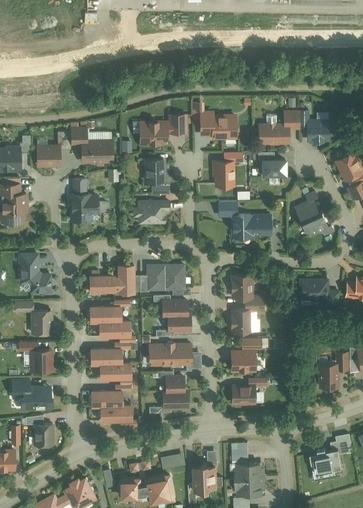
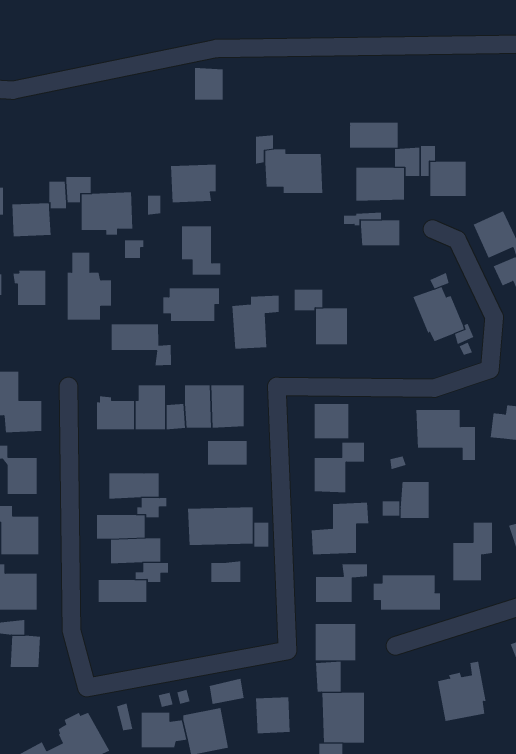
building: none -> [350,122,398,148]
building: [167,113,186,134] -> [194,68,224,100]
building: [211,152,242,187] -> [232,295,279,349]
building: none -> [13,270,46,306]
building: [252,214,271,237] -> none
building: none -> [111,324,172,366]
building: [88,306,120,321] -> none
building: [165,316,192,333] -> none
building: none -> [400,481,429,519]
building: none -> [373,575,440,611]
building: [161,392,188,410] -> none
building: [99,405,131,421] -> none
building: none -> [315,623,356,661]

